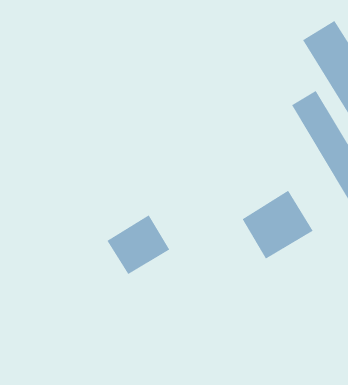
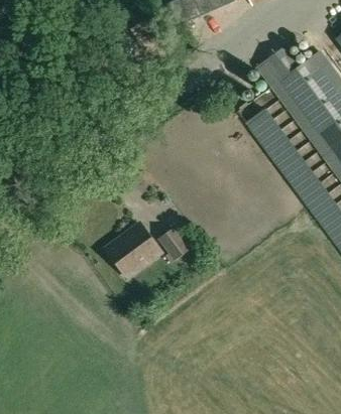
building: [242,190,314,260] -> none
building: none -> [157,227,192,262]

